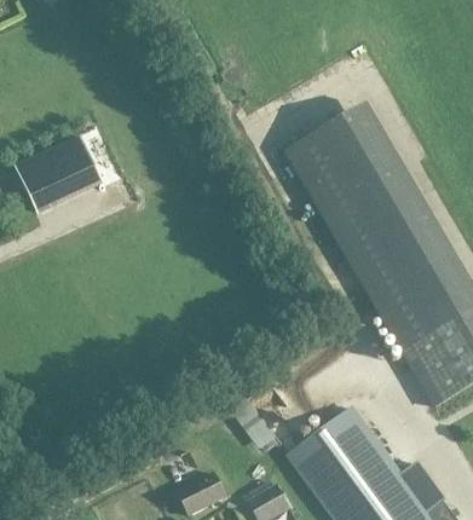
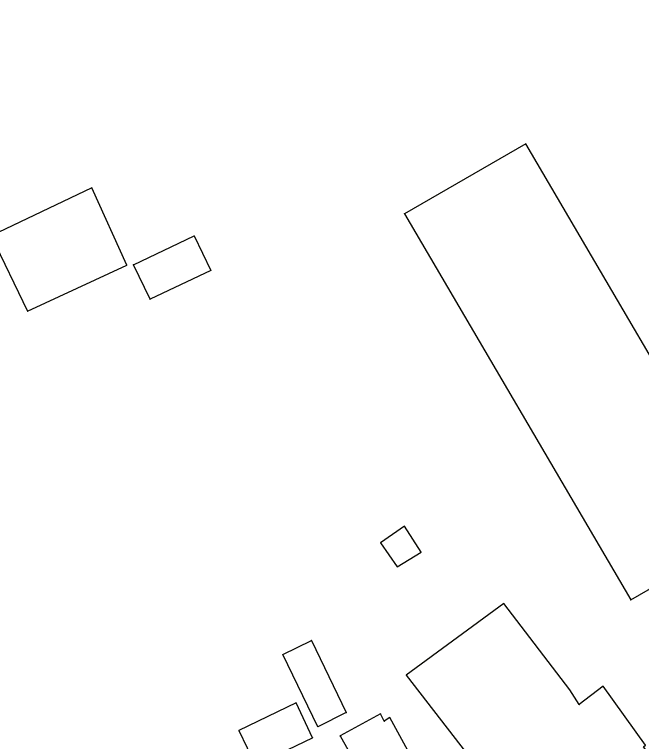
building: none -> [133,236,211,299]
building: none -> [283,640,346,727]

